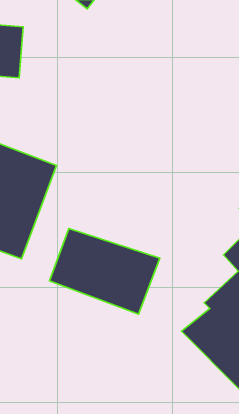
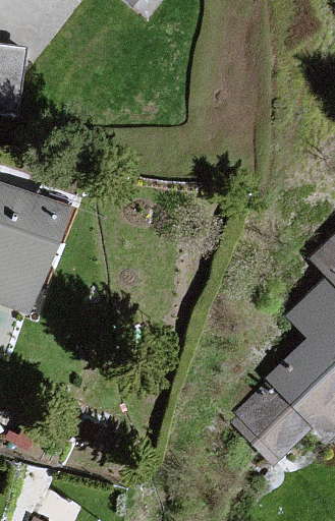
building: [50,228,160,314] -> none

